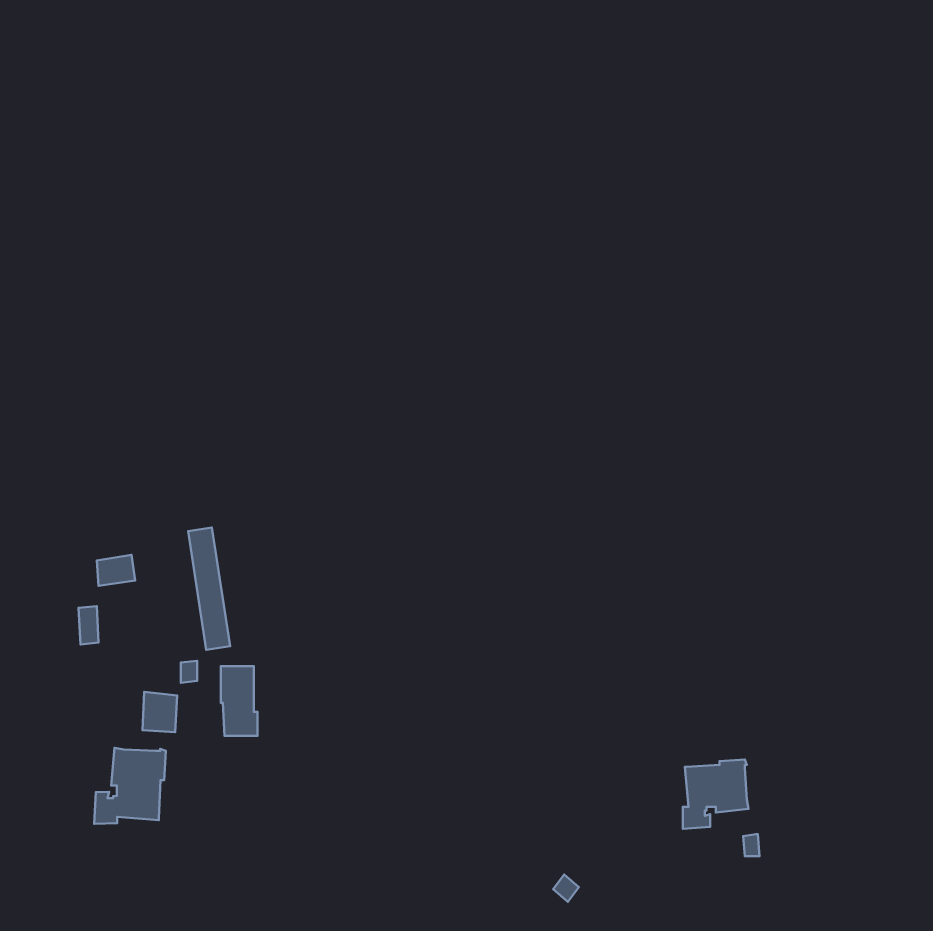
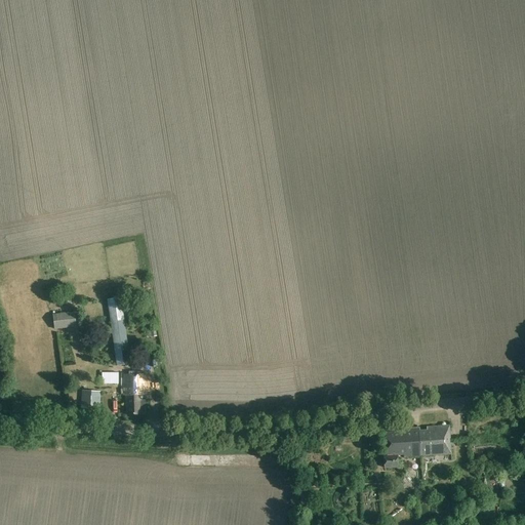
building: [94,748,166,824] -> none
building: none -> [418,425,450,454]

